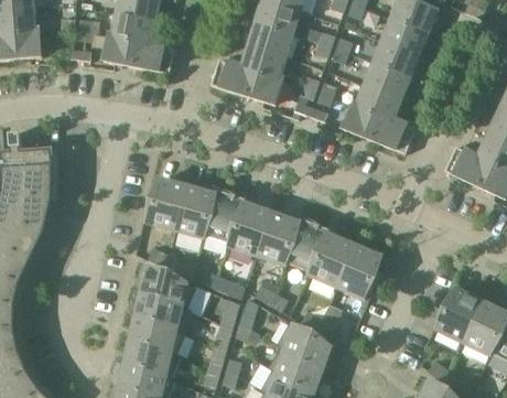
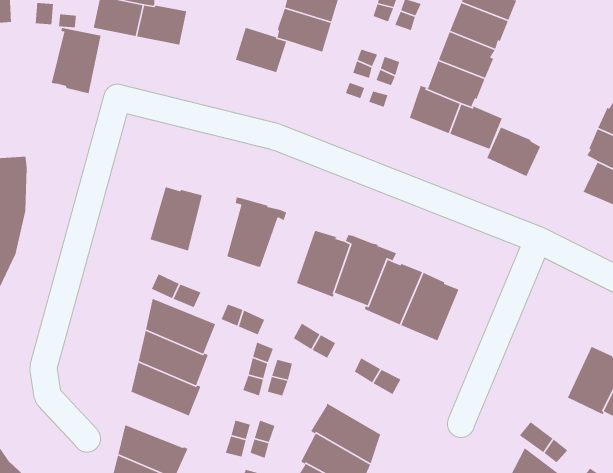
building: none -> [51,27,101,94]
building: [242,69,283,104] -> none
building: [444,146,486,184] -> [486,126,541,177]
building: [175,186,215,237] -> none
building: [228,204,271,254] -> none
building: [435,289,482,341] -> none
building: [276,321,331,368] -> none
building: [127,336,180,378] -> none

